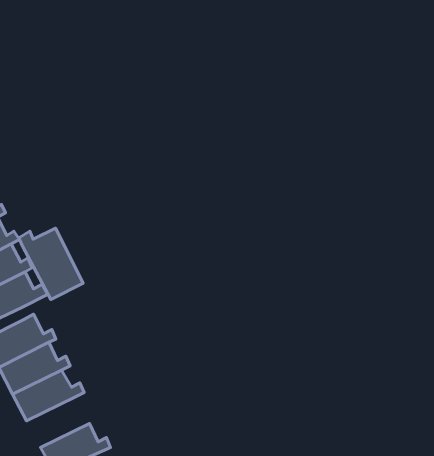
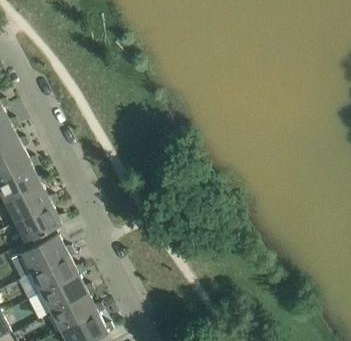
building: [19,228,83,300] -> none
building: none -> [51,295,102,331]

